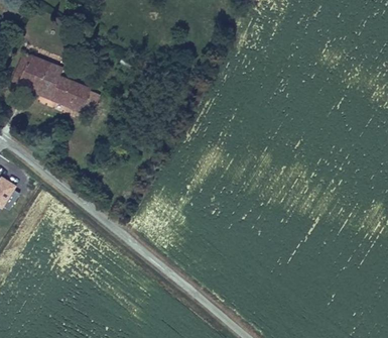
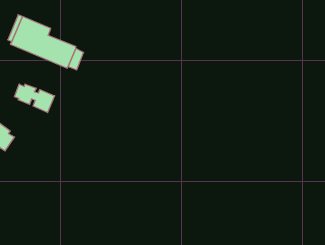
building: none -> [14,84,55,113]

